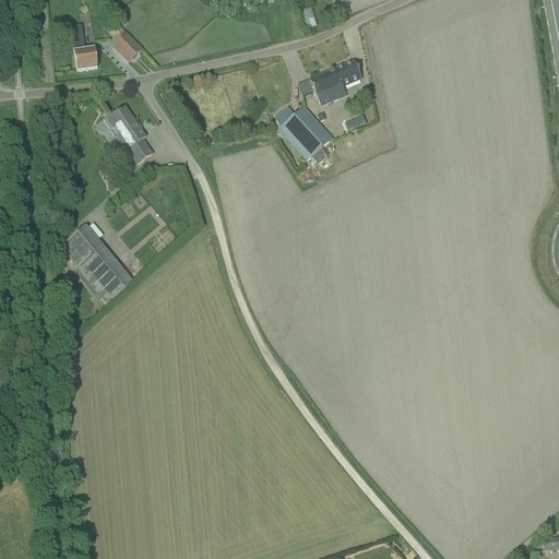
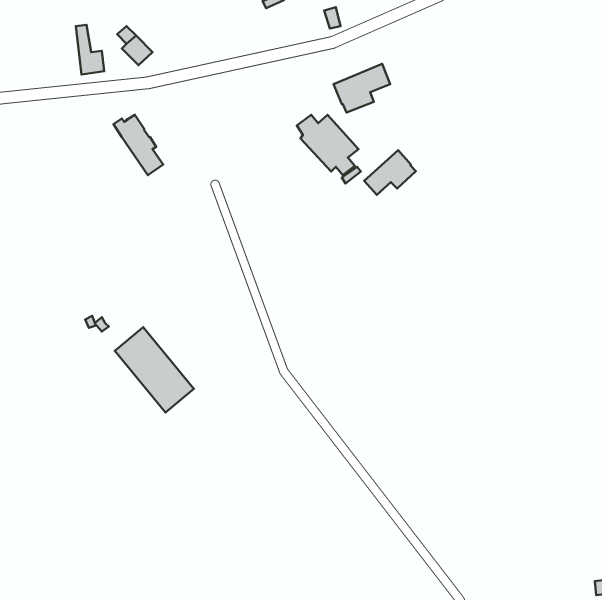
building: none -> [364,150,416,195]
building: [61,224,134,302] -> [115,327,194,412]

